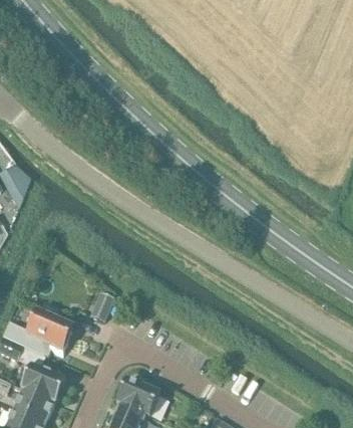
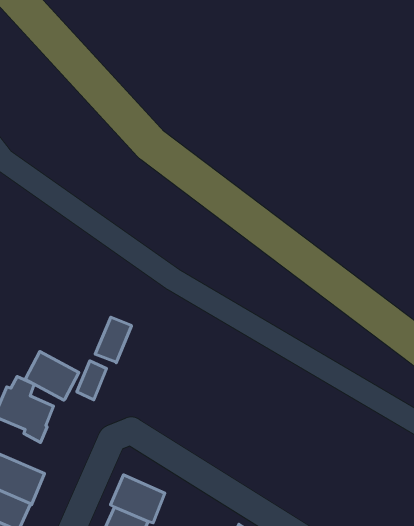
building: none -> [95,317,132,363]
building: none -> [25,351,79,400]

